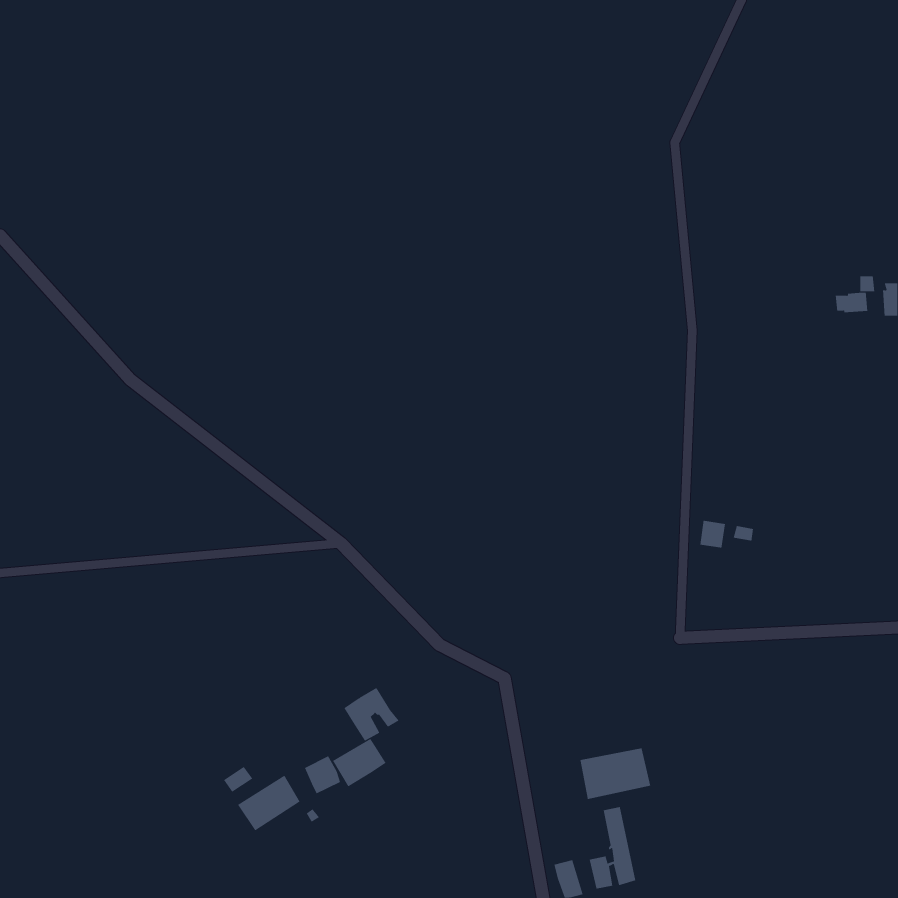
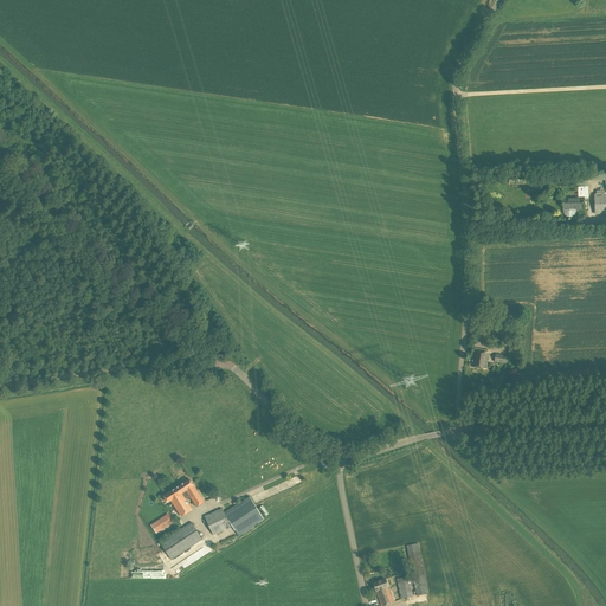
building: [343,687,400,742] -> [167,479,205,516]
building: [580,747,651,800] -> none

